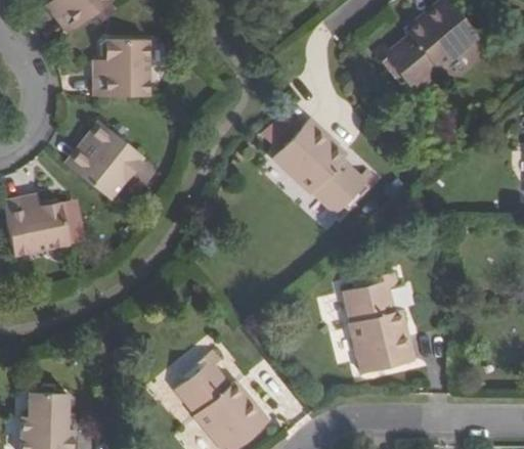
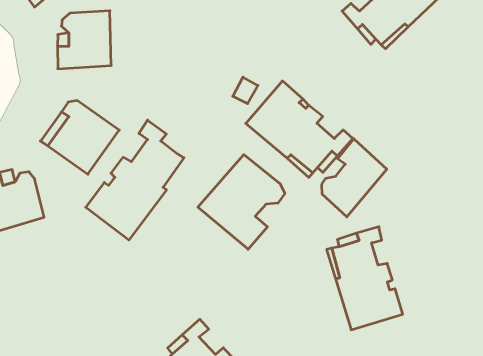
building: none -> [86,120,184,240]
building: none -> [322,139,387,217]
building: none -> [198,155,285,249]

